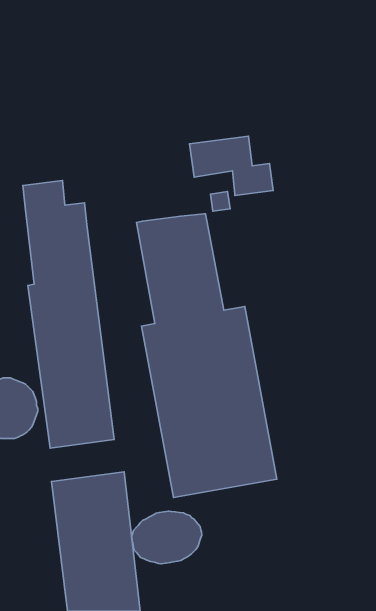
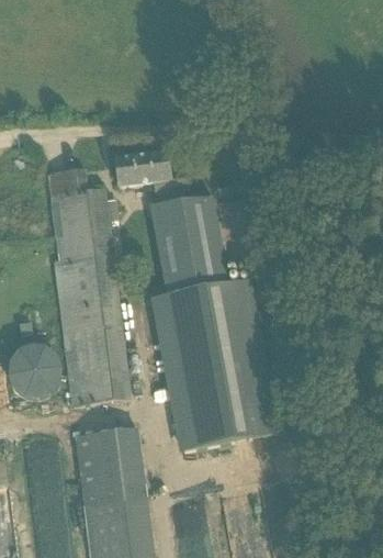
building: [189,136,273,196] -> [115,152,190,204]
building: [132,511,202,564] -> none

